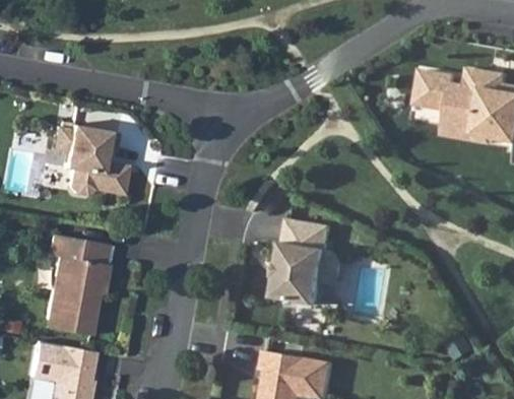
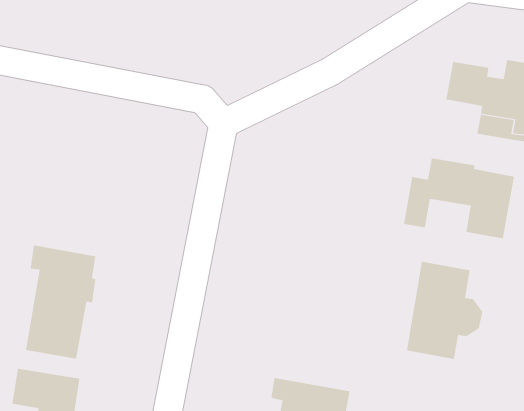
building: [53,124,127,195] -> none
building: none -> [403,157,514,239]
building: [275,218,343,306] -> [406,261,483,360]

